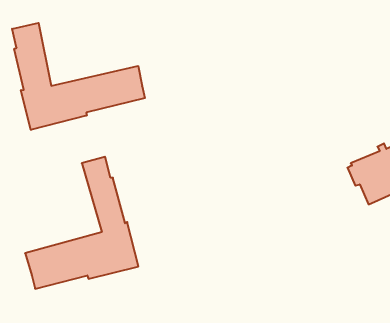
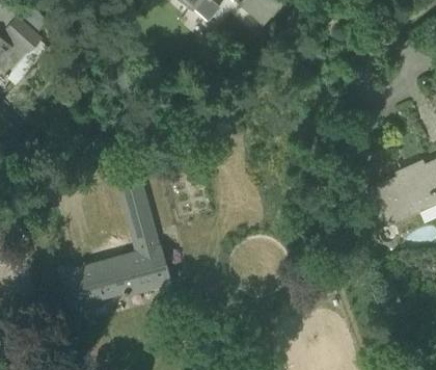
building: [12,23,145,130] -> none

